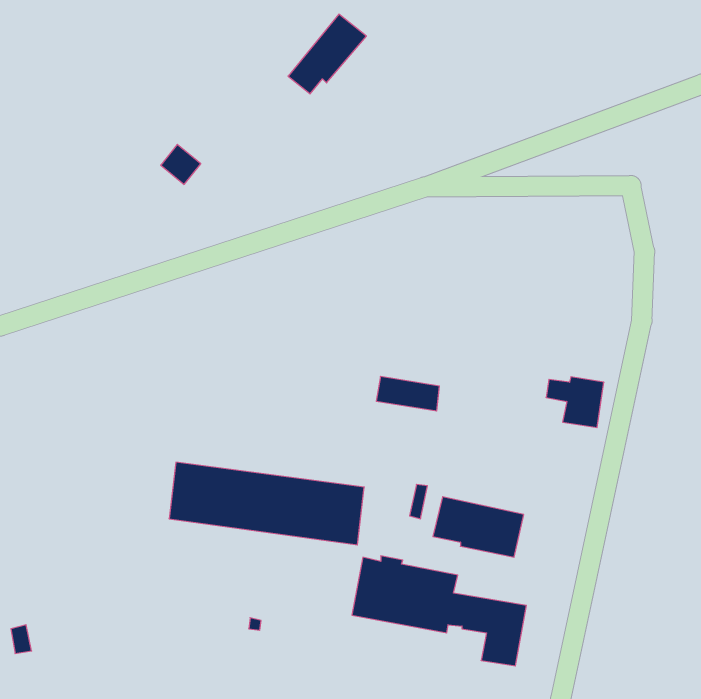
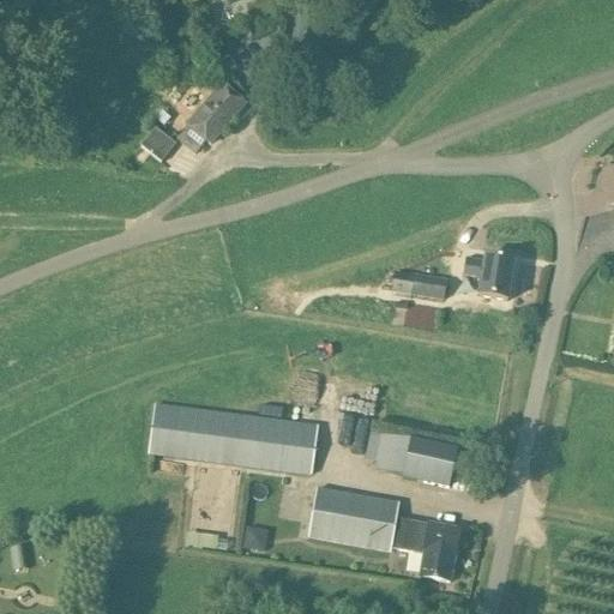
building: [288,14,366,94] -> [177,83,246,152]
building: [376,376,439,411] -> [392,269,447,299]
building: [546,377,604,428] -> [464,254,514,299]

